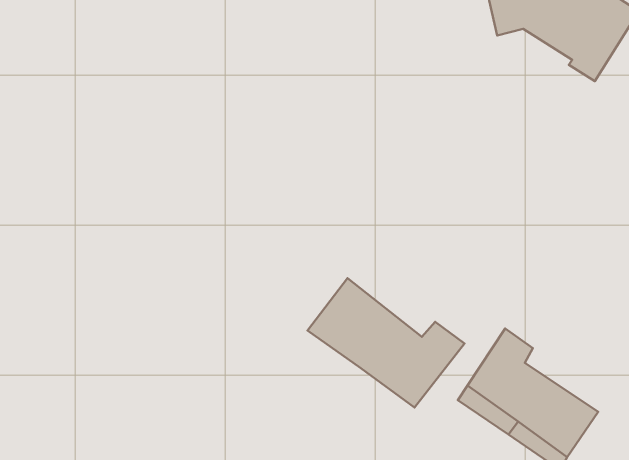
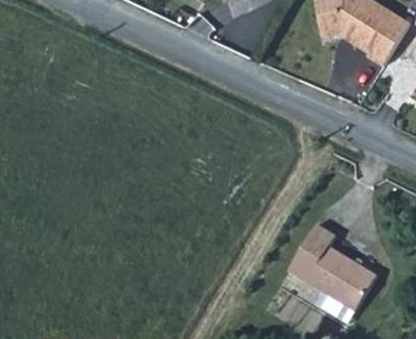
building: [308,278,465,408] -> none

